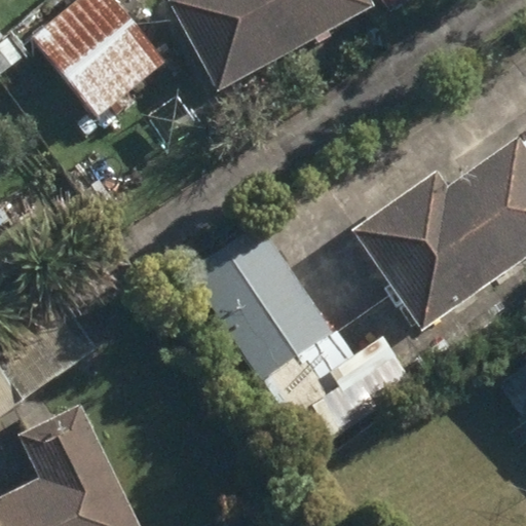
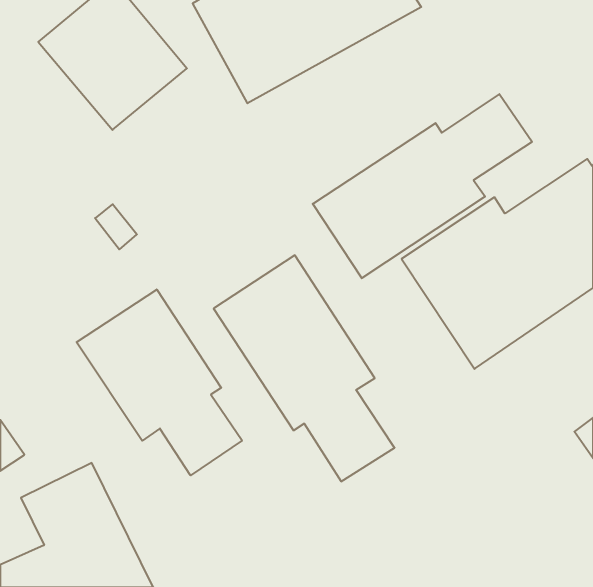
building: none -> [313,94,532,278]
building: none -> [77,289,242,475]

